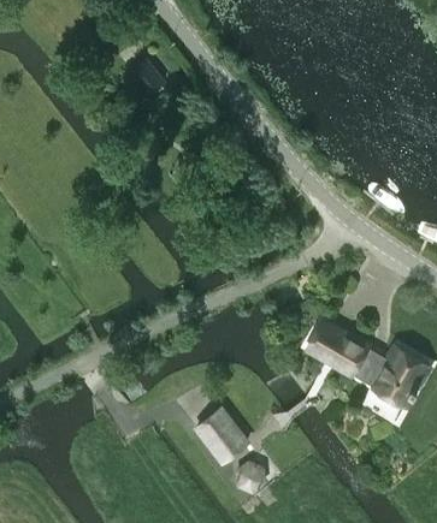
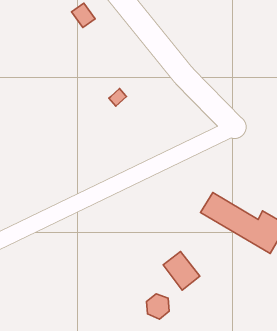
building: [195,408,246,460] -> [163,252,200,290]

